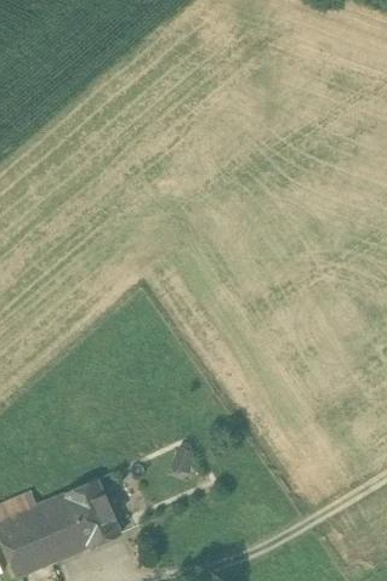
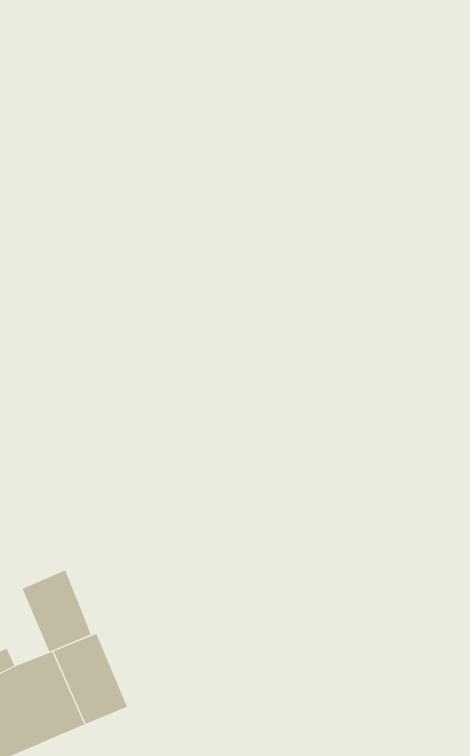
building: none -> [22,569,92,653]

